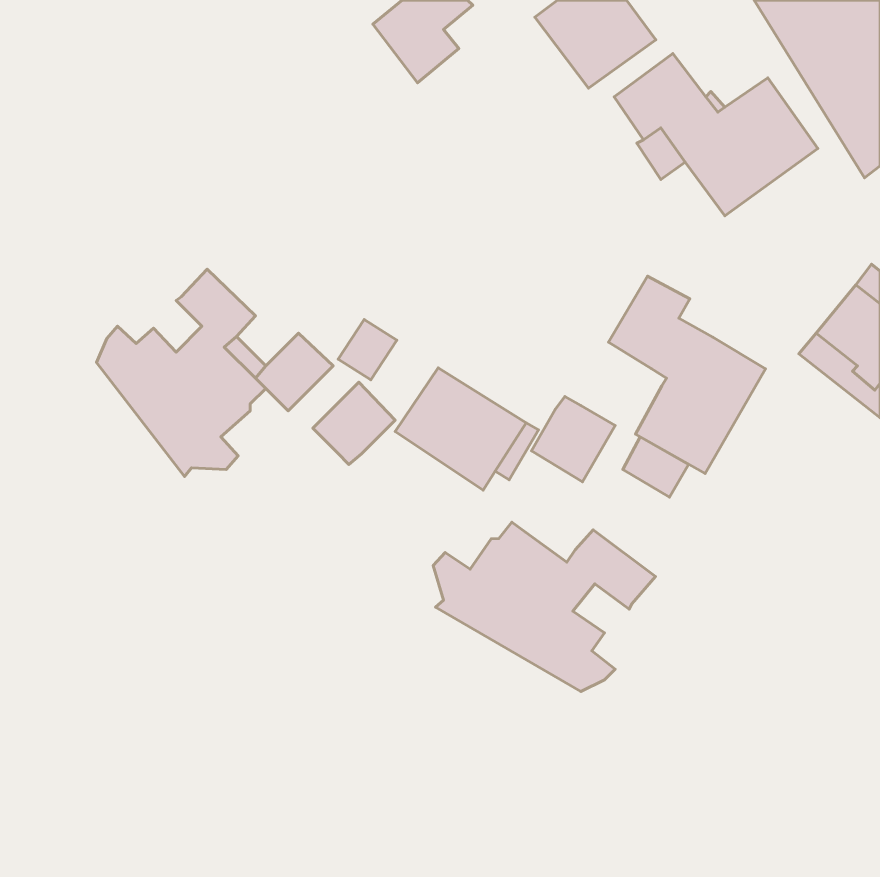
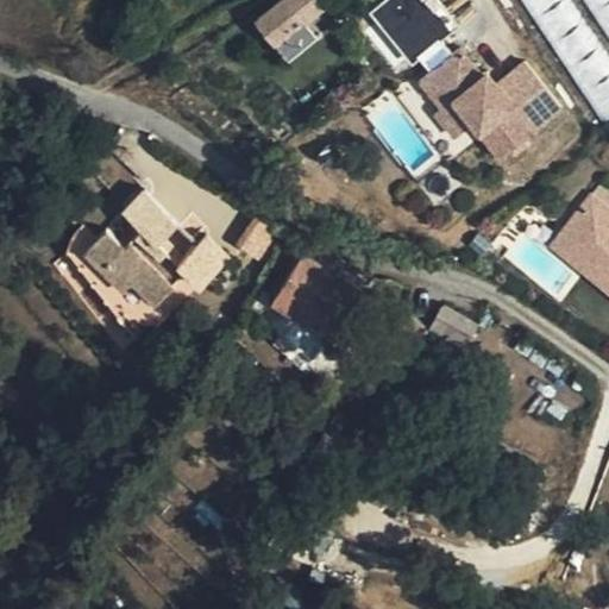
building: [609,276,766,473] -> none
building: [313,382,395,464] -> none
building: [531,396,615,482] -> none
building: [433,522,656,691] -> none

